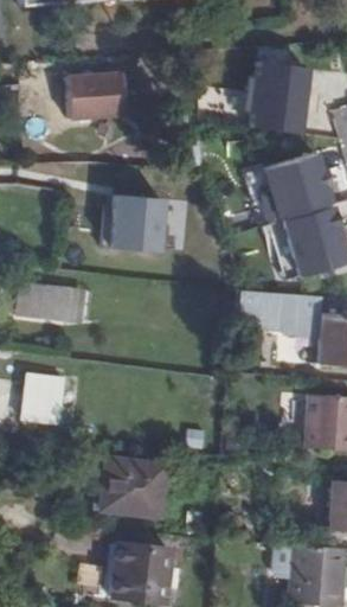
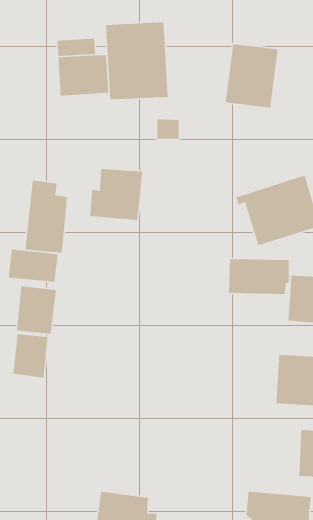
building: none -> [105,22,169,100]
building: [245,153,330,222] -> none
building: none -> [24,180,68,253]
building: none -> [16,286,57,335]
building: [101,460,163,517] -> none

